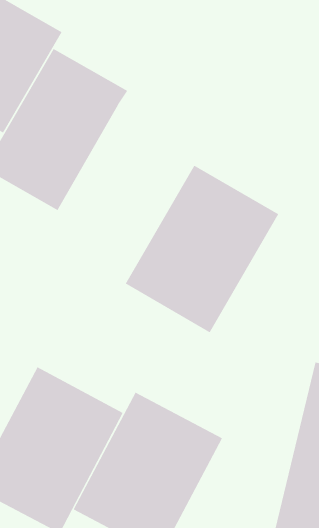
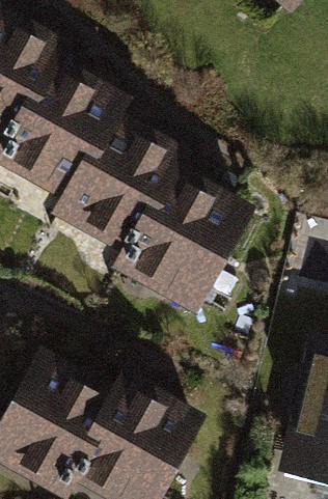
building: none -> [60,112,195,260]

